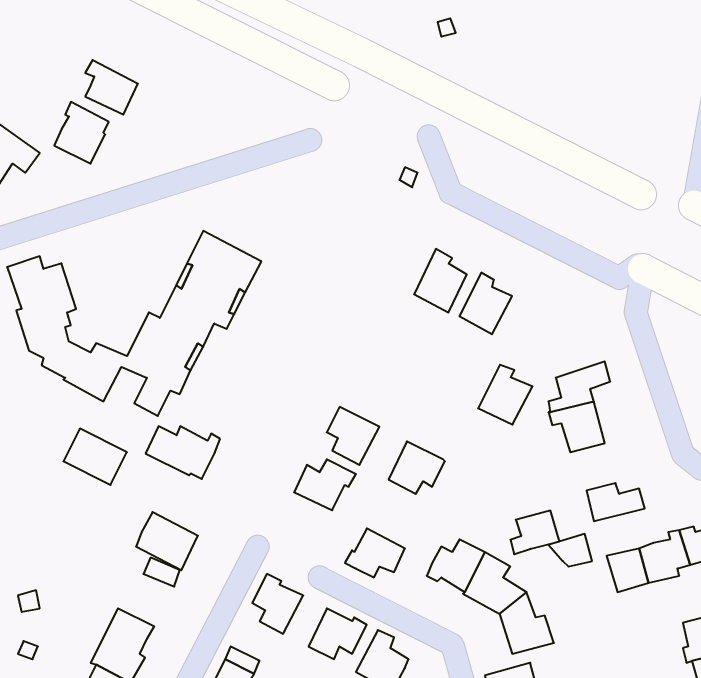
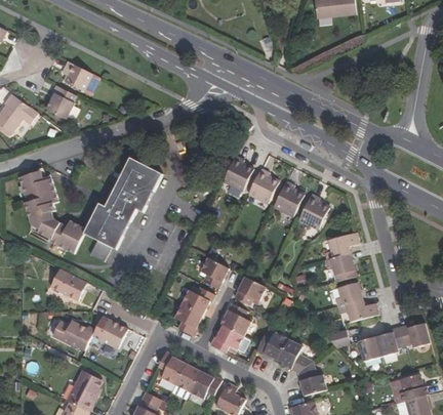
building: none -> [223,155,253,190]
building: [478,365,533,425] -> [298,194,329,227]
building: [146,426,220,479] -> [52,320,94,349]
building: none -> [219,302,251,336]
building: none -> [173,304,202,336]
building: [510,511,559,554] -> [334,282,362,306]
building: none -> [174,363,199,391]

